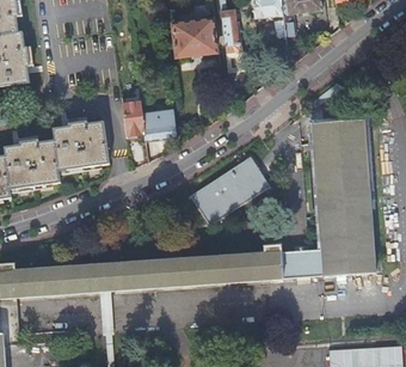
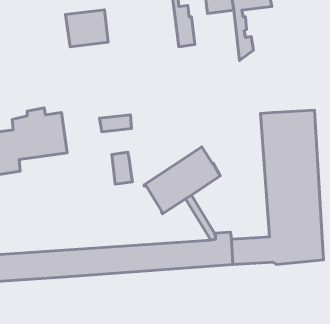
building: [172,19,216,57] -> [66,10,108,47]
building: [123,102,144,135] -> [112,152,133,184]

